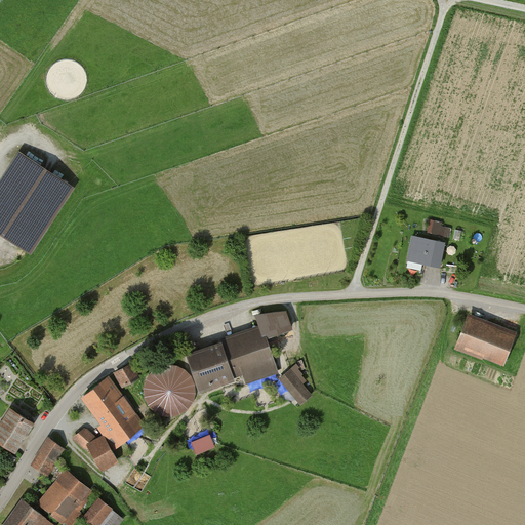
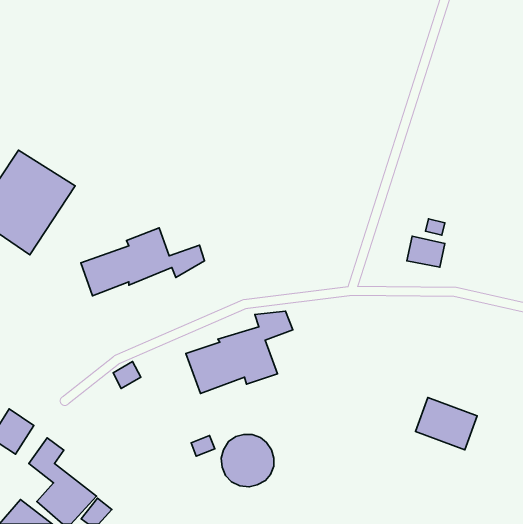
building: none -> [81,228,204,296]
building: [455,314,517,366] -> [415,397,477,450]
building: [144,365,196,417] -> [221,434,274,487]
building: [278,369,312,405] -> none
building: [71,376,146,472] -> none

